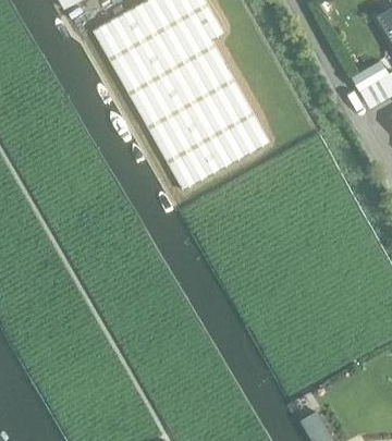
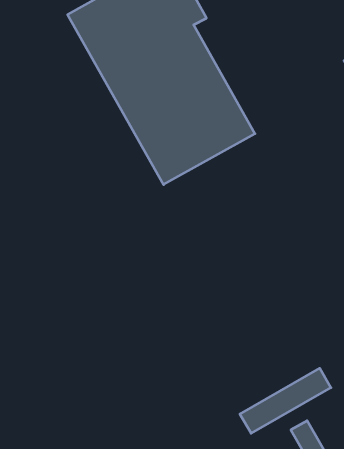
building: none -> [240,368,331,433]

